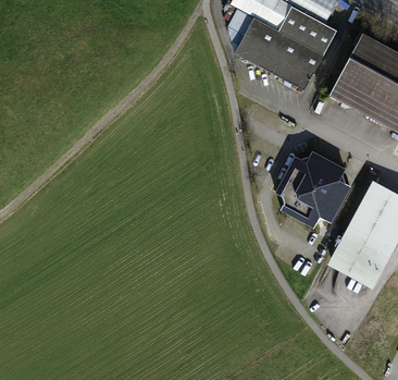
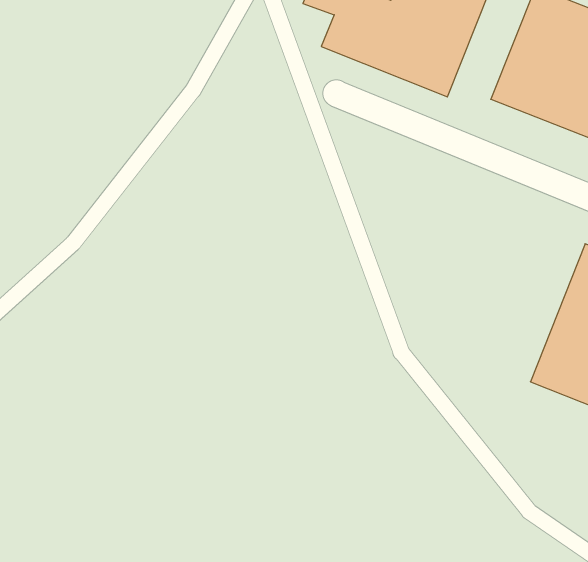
building: [276,151,350,226] -> none

